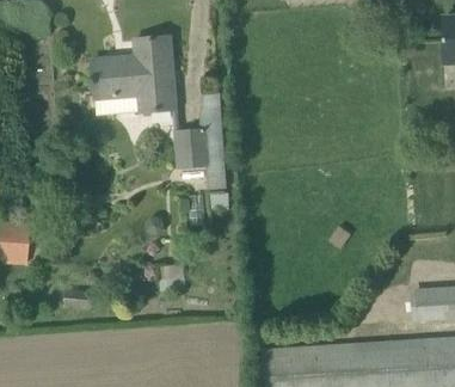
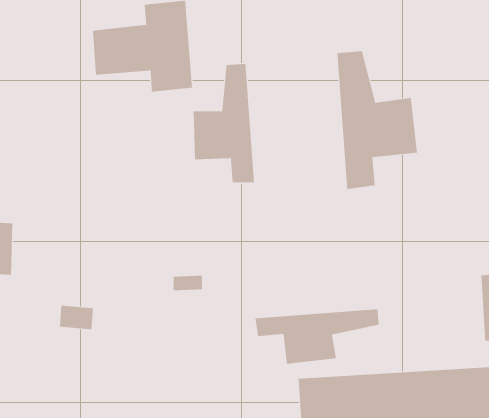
building: none -> [337,51,418,190]
building: none -> [255,308,379,364]

